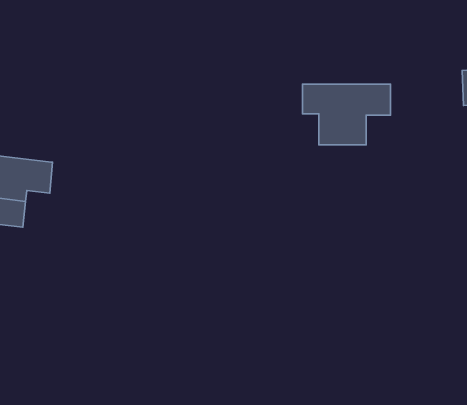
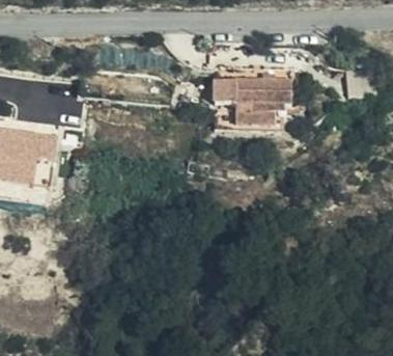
building: none -> [232,73,256,119]

